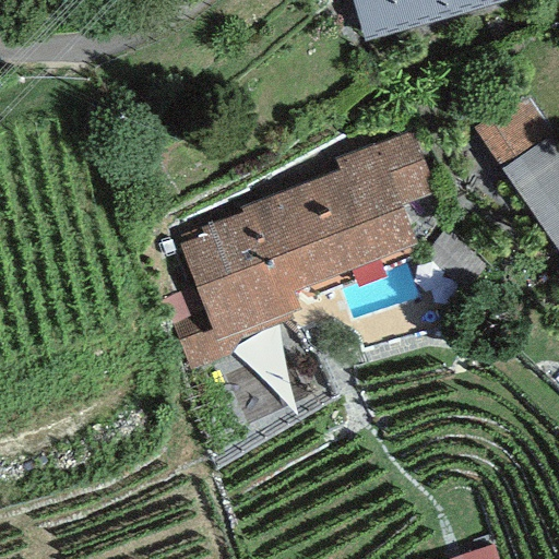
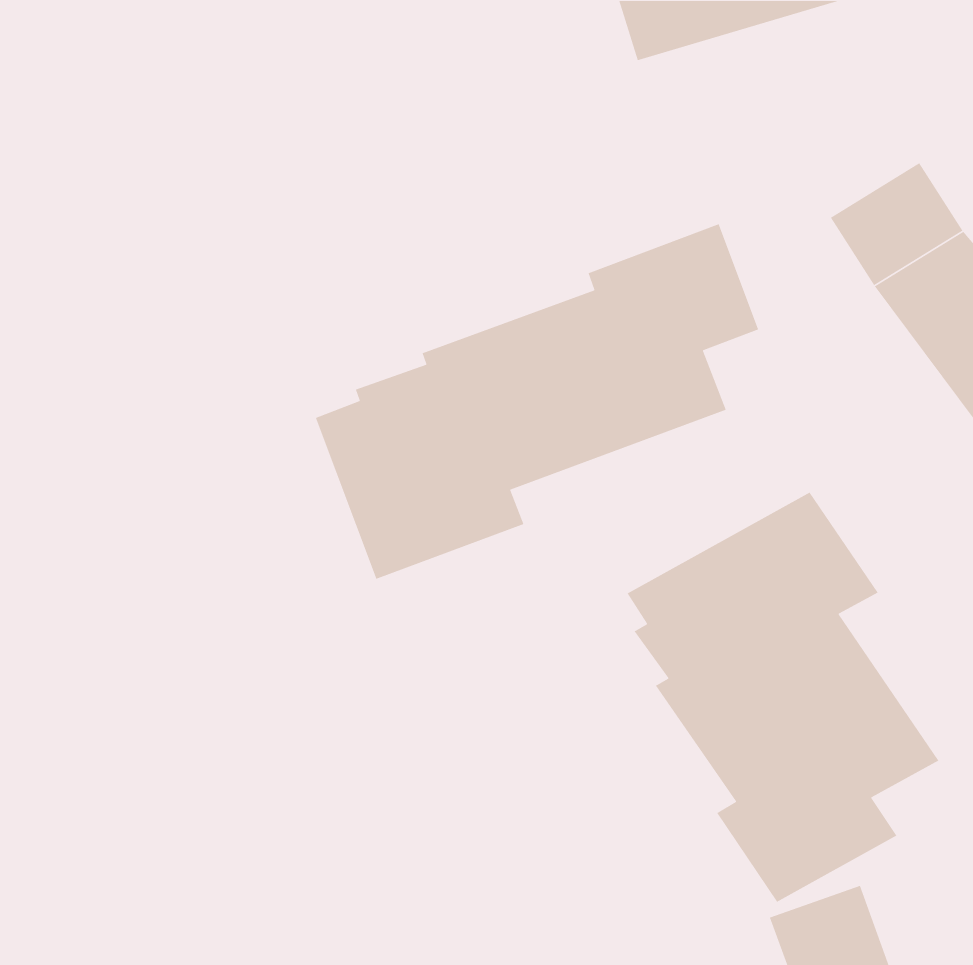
building: none -> [626,491,939,903]

